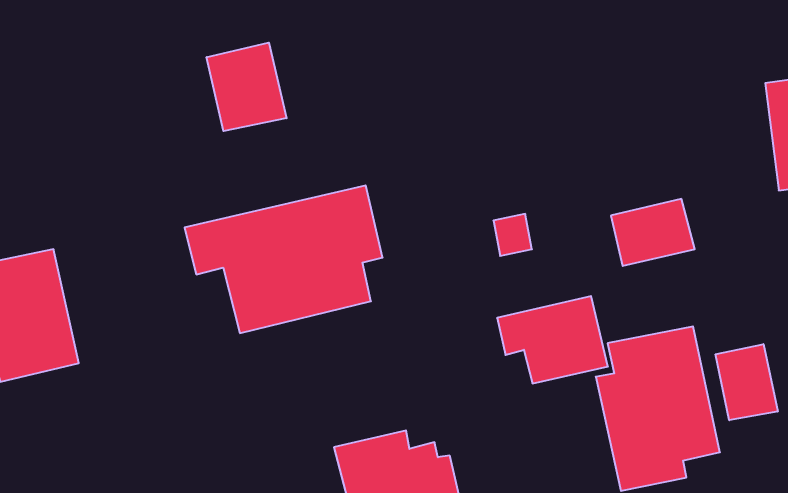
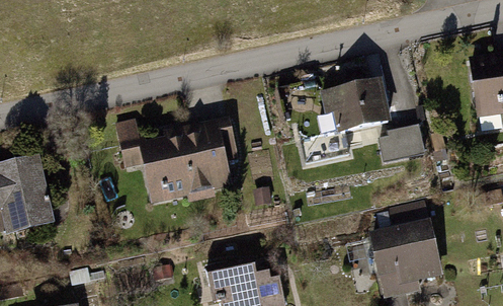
building: [207,43,287,131] -> none
building: [497,296,608,383] -> [322,76,389,129]
building: [716,344,778,420] -> none

